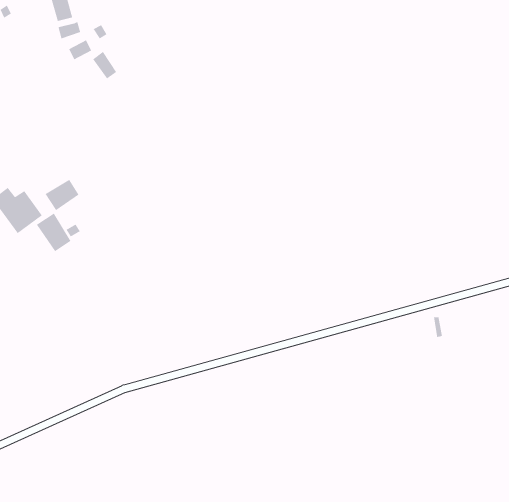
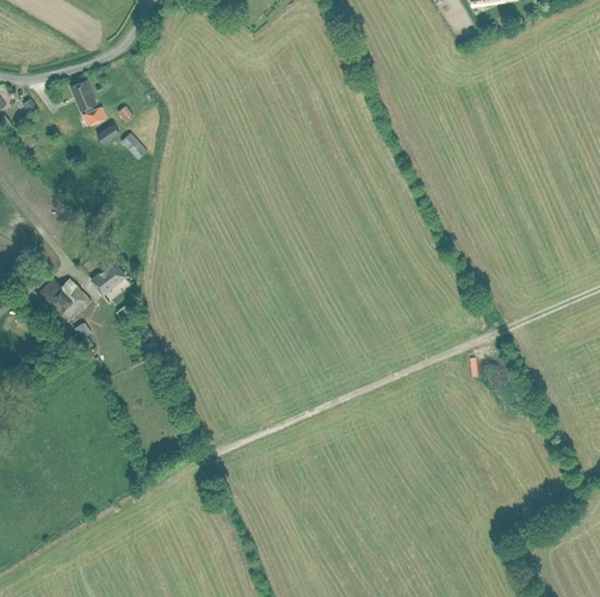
building: [36,213,72,252] -> none

